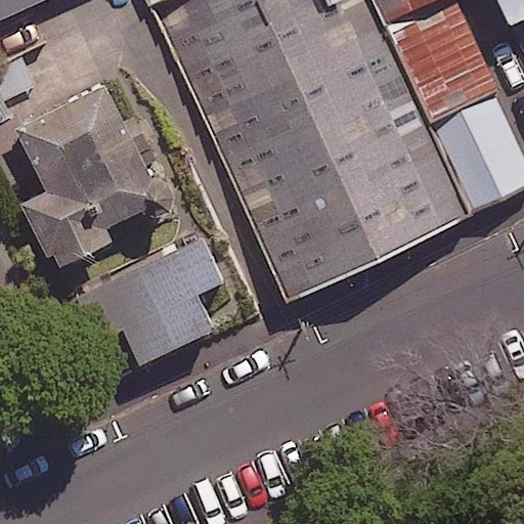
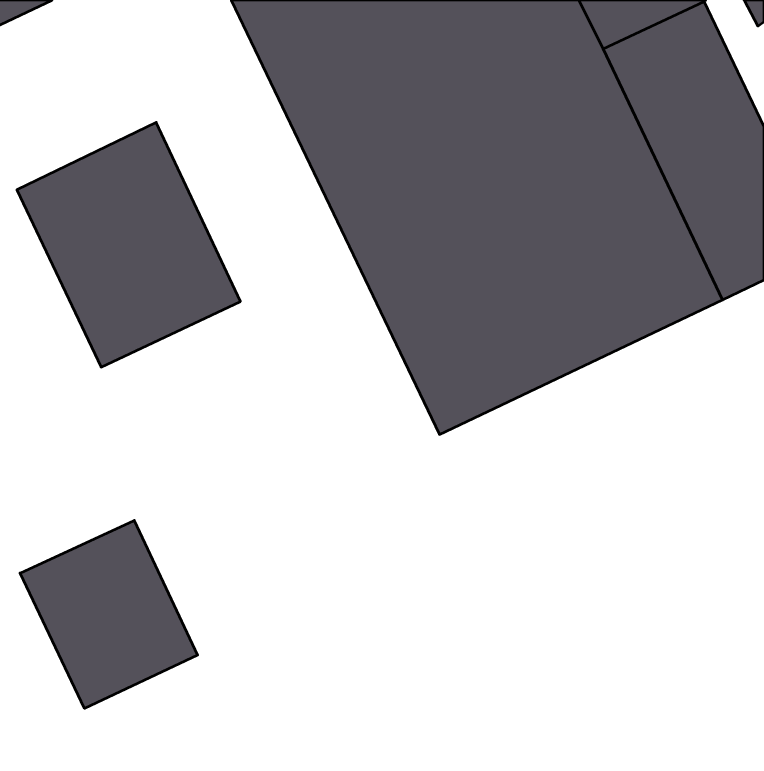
building: [94,231,220,366] -> none
building: none -> [20,520,198,708]

